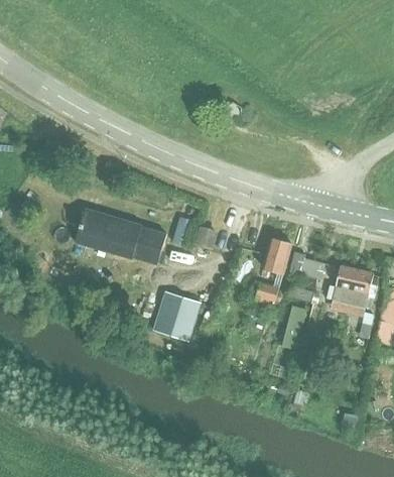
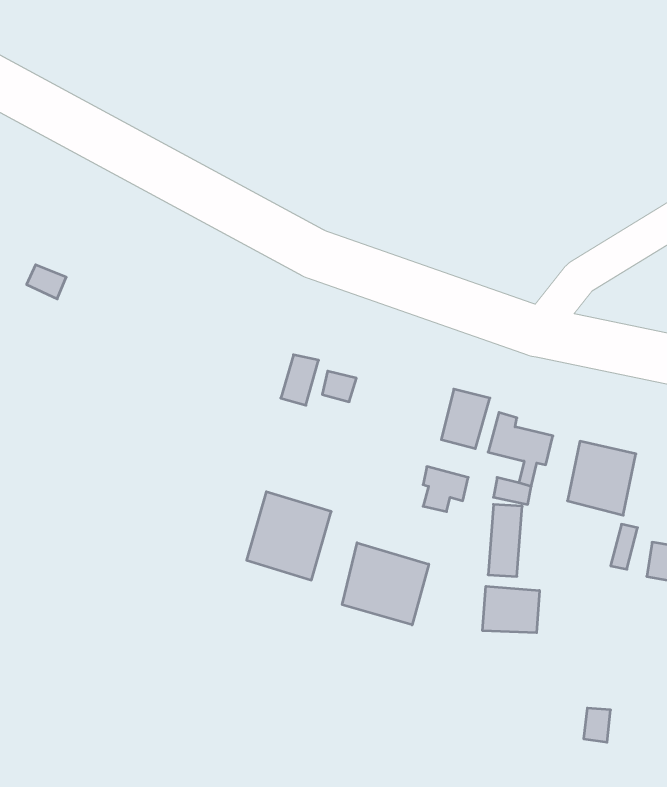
building: [77,206,170,264] -> none
building: none -> [342,543,429,625]
building: none -> [483,586,539,633]

